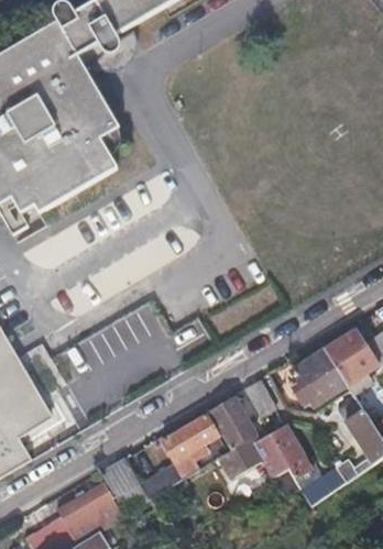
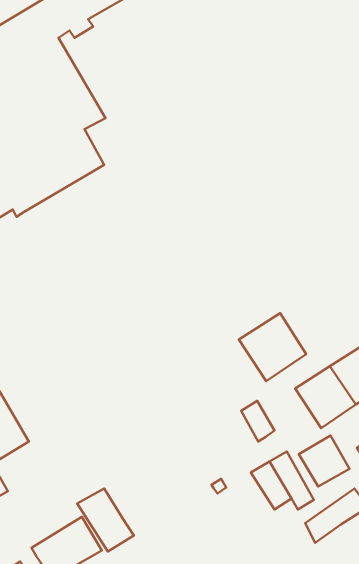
building: none -> [239,313,306,381]
building: [209,395,254,444] -> none
building: none -> [299,436,349,486]
building: [136,414,215,499] -> none

